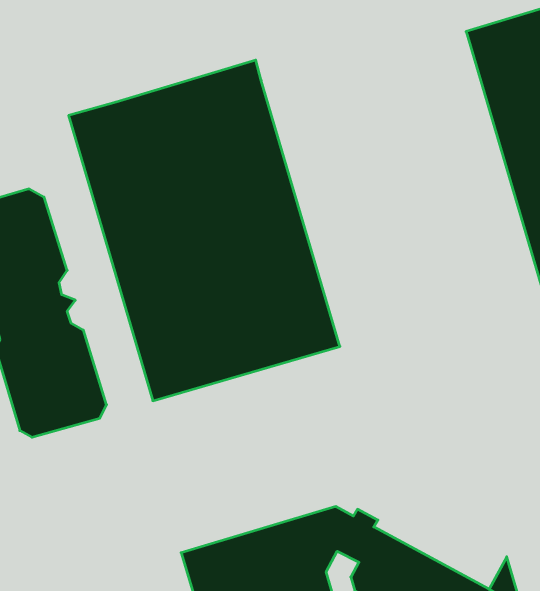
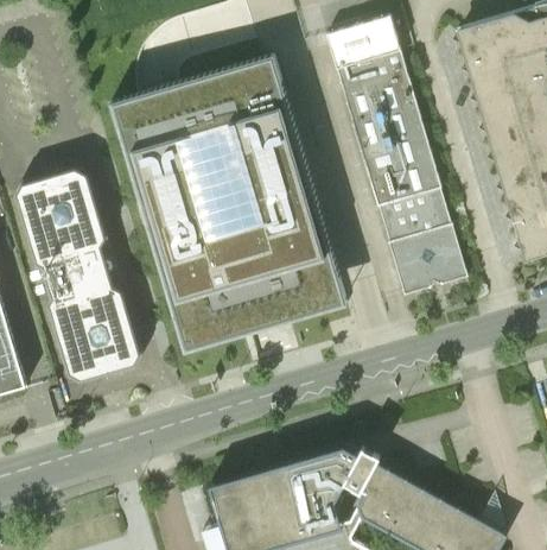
building: none -> [326,18,466,298]

